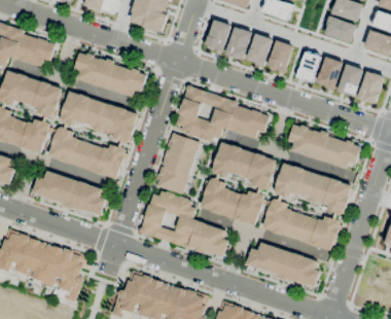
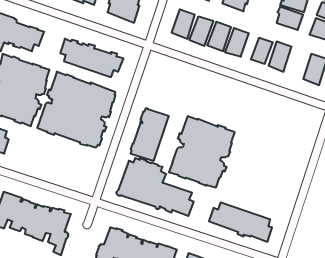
building: [334,64,362,97] -> none
building: [175,85,269,141] -> none
building: [288,125,360,169] -> none
building: [261,163,353,251] -> none
building: [33,171,106,215] -> none

